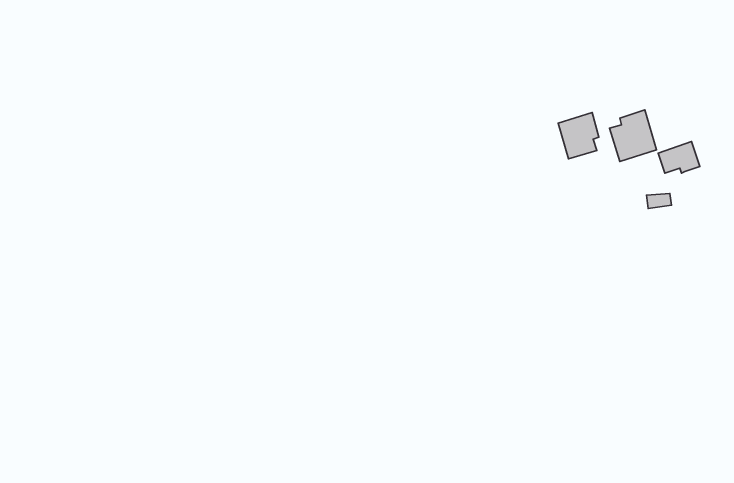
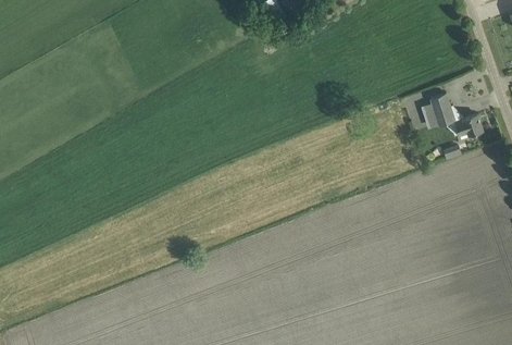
building: [558,113,599,159] -> none

